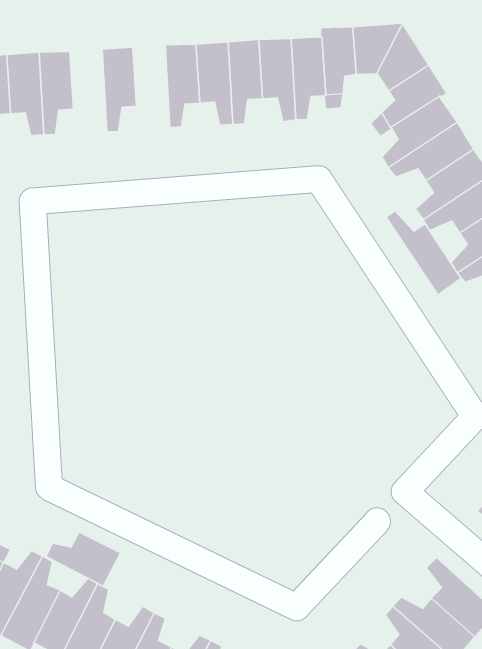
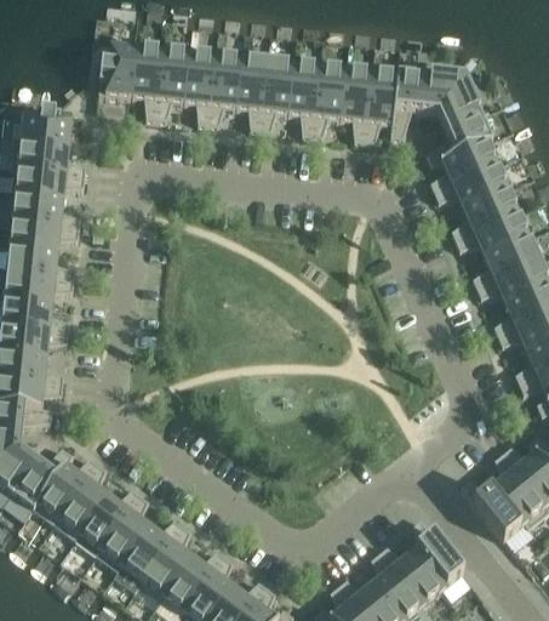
building: none -> [236,58,268,129]
building: none -> [184,53,216,124]
building: [386,211,461,295] -> none
building: [46,532,121,586] -> none

